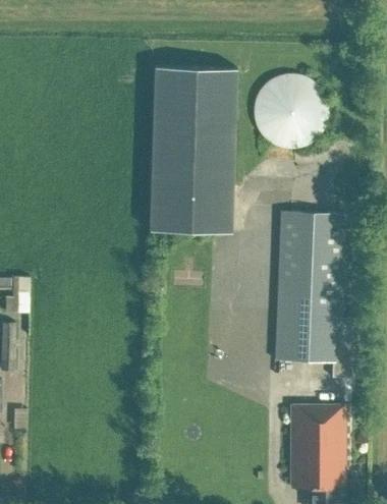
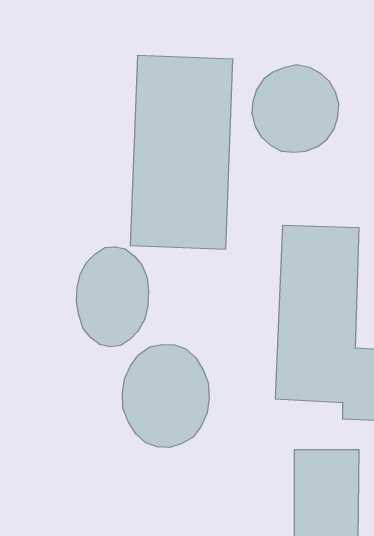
building: none -> [77,247,148,347]
building: none -> [122,344,209,447]

